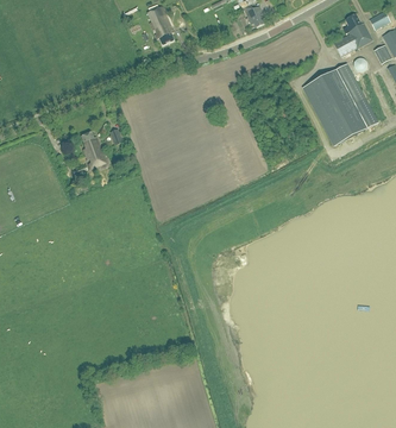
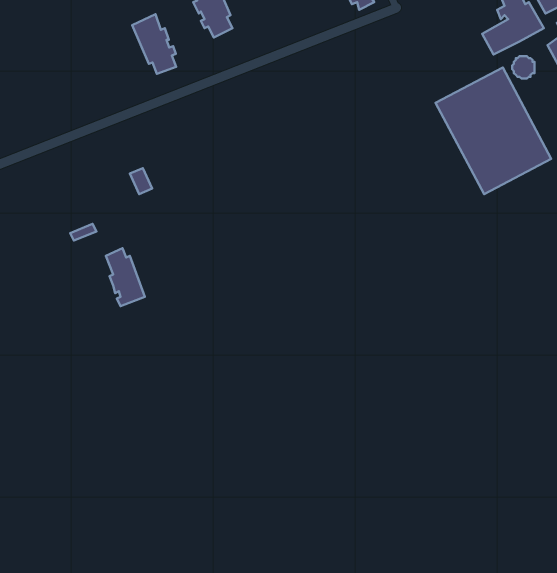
building: none -> [132,14,176,74]
building: [81,131,106,168] -> [106,248,145,306]

